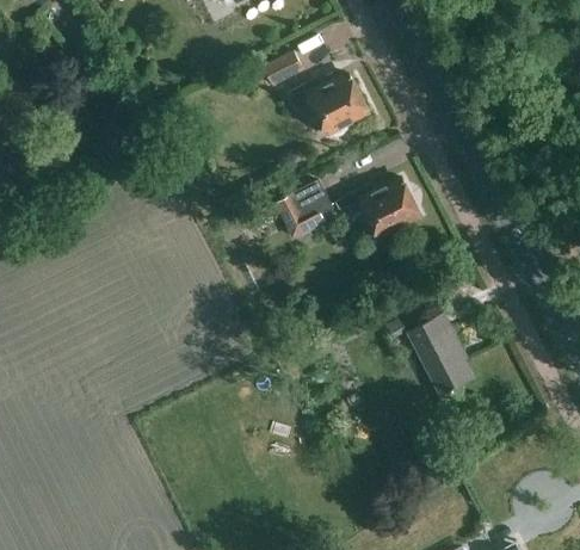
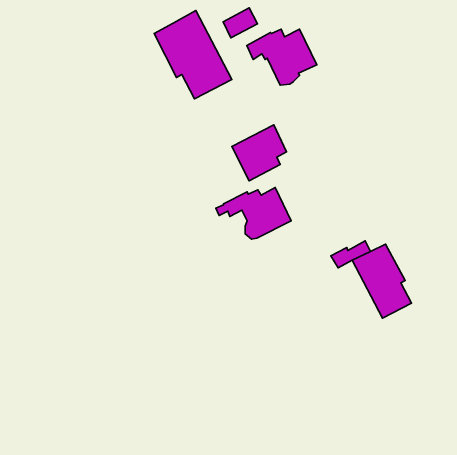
building: none -> [154,10,232,99]
building: [335,179,419,236] -> [216,188,291,239]

